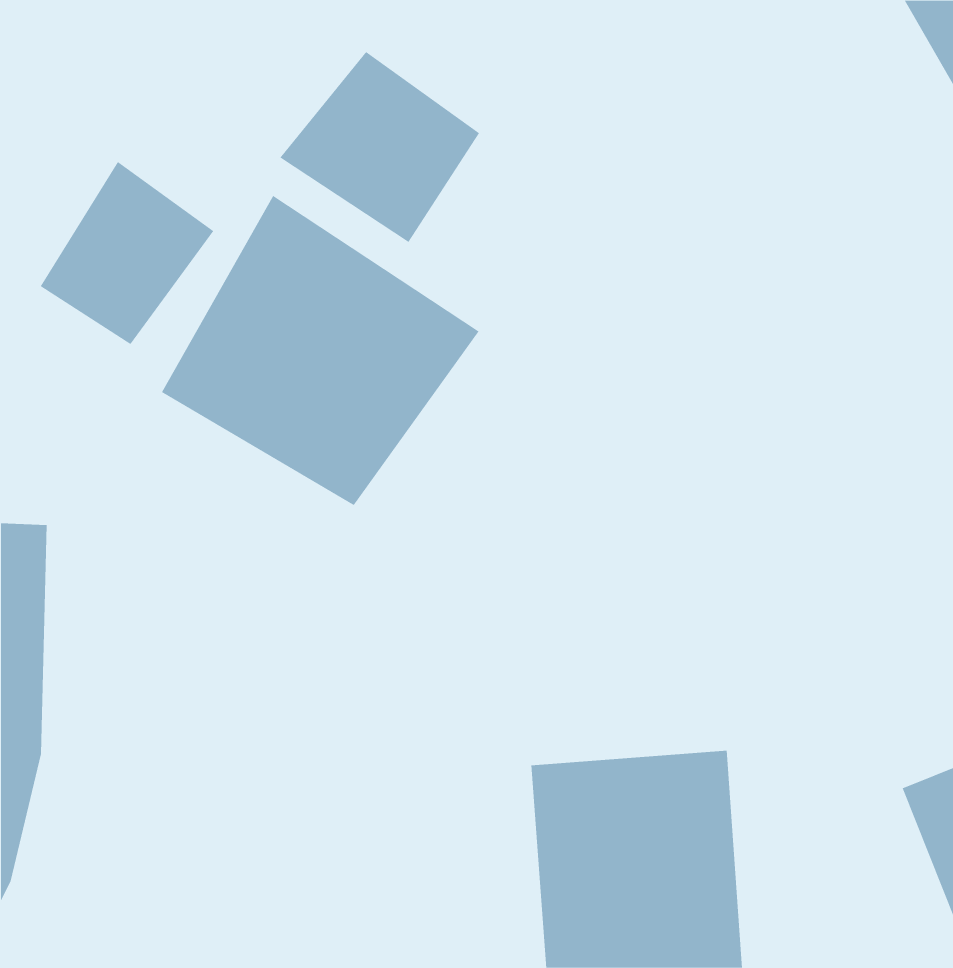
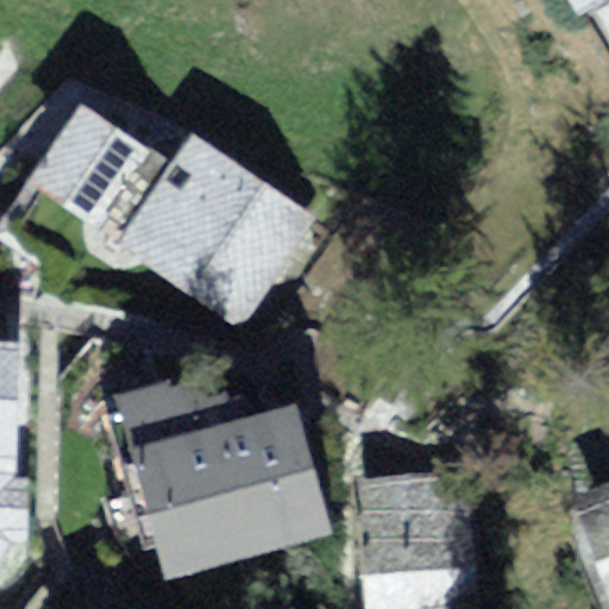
building: [280,51,480,243] -> none
building: none -> [112,408,328,589]

